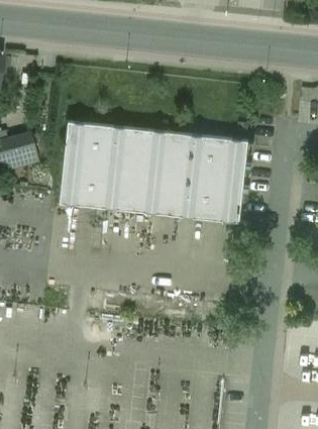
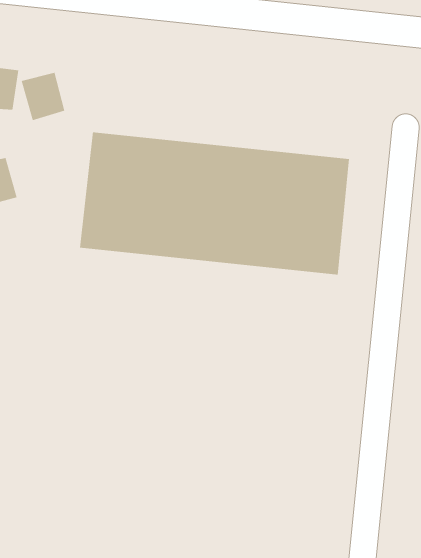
building: [6,134,37,169] -> [21,72,65,121]

